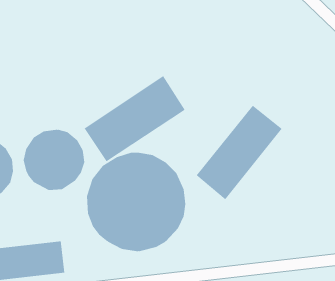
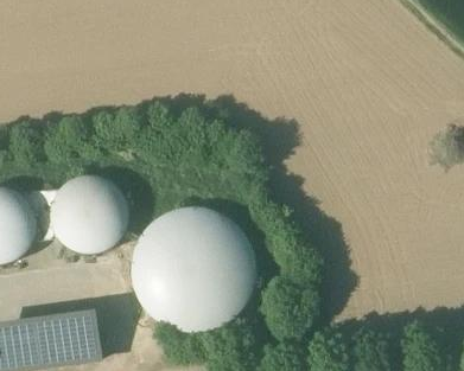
building: [84,75,185,162] -> none
building: [196,105,283,200] -> none

